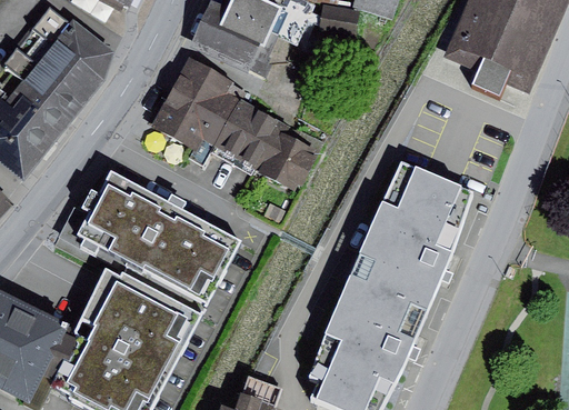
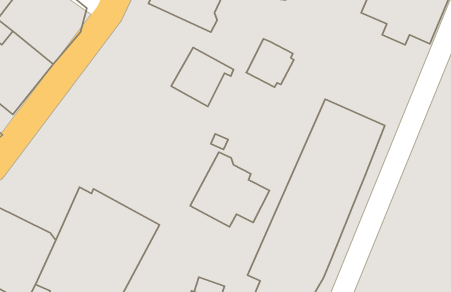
building: [150,57,244,167] -> none
building: [258,130,316,189] -> [246,39,294,87]
building: [74,171,238,299] -> none
building: none -> [190,152,269,227]

